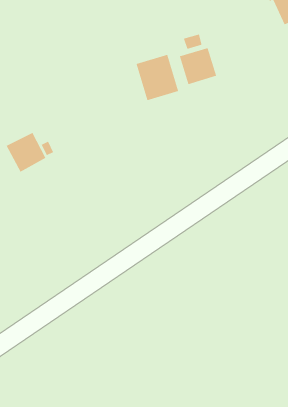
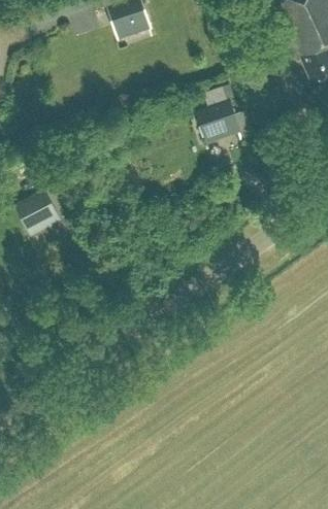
building: [136,54,179,101] -> none

